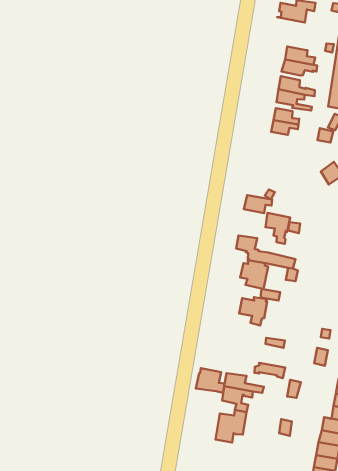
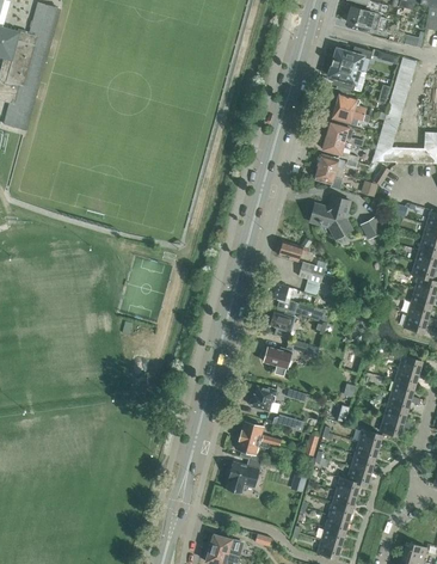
building: none -> [328,62,359,91]
building: none -> [310,197,353,240]
building: [196,368,225,393] -> [250,386,279,413]

